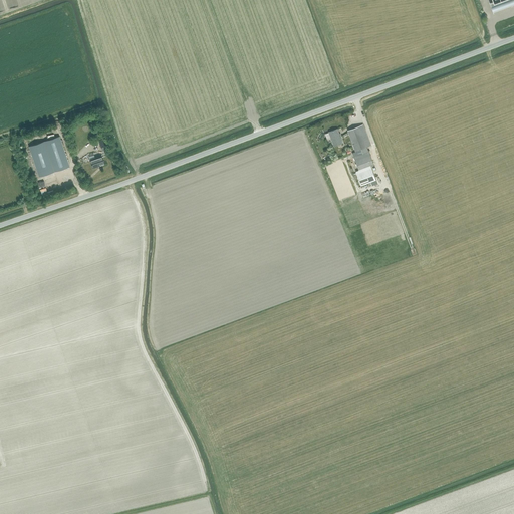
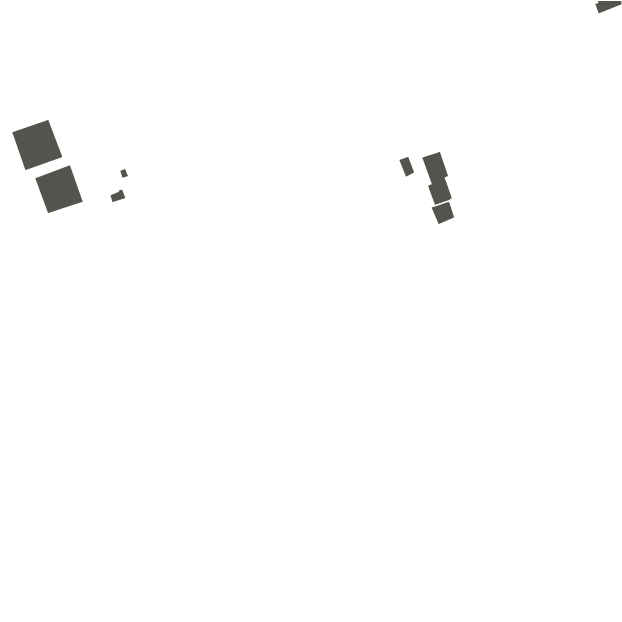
building: none -> [11,119,63,171]

